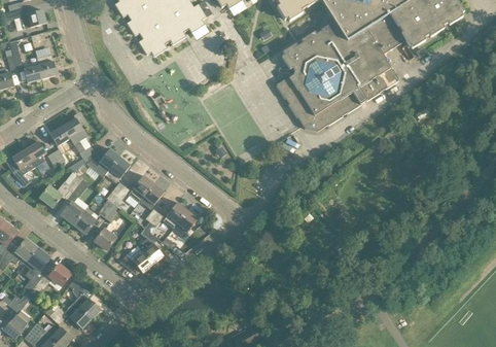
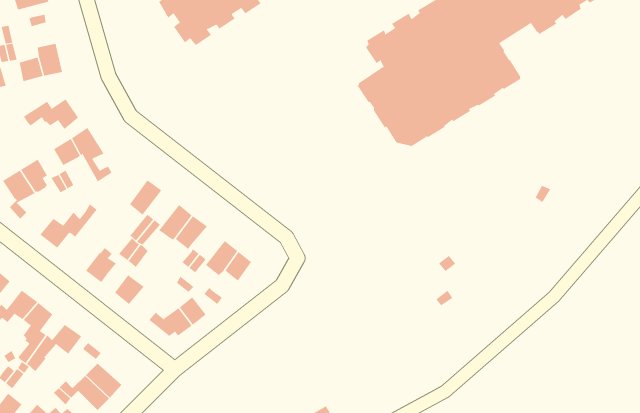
building: none -> [23,99,79,130]
building: [81,147,118,176] -> none
building: [61,178,87,223] -> none

